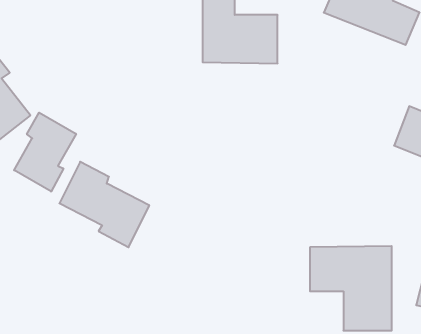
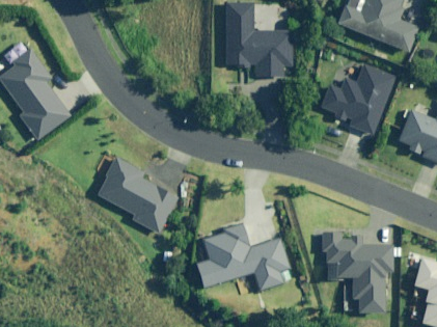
building: none -> [317,62,397,134]
building: [14,113,76,192] -> none
building: none -> [195,224,290,293]

